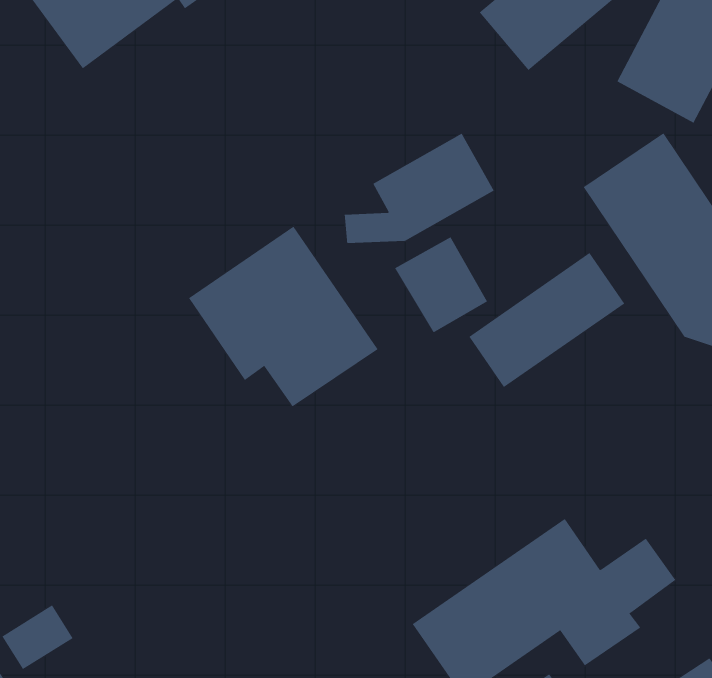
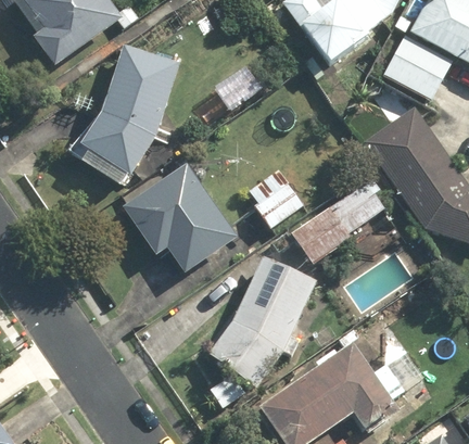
building: none -> [76,48,177,181]
building: [344,133,494,244] -> none
building: none -> [211,256,316,394]

